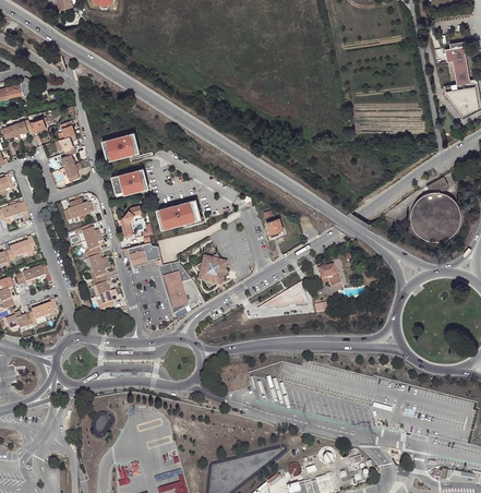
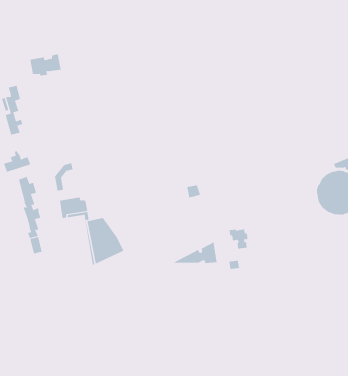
building: [101,132,137,158] -> [29,54,61,76]
building: [110,168,146,194] -> none
building: [156,200,197,227] -> none
building: [195,251,227,286] -> none

